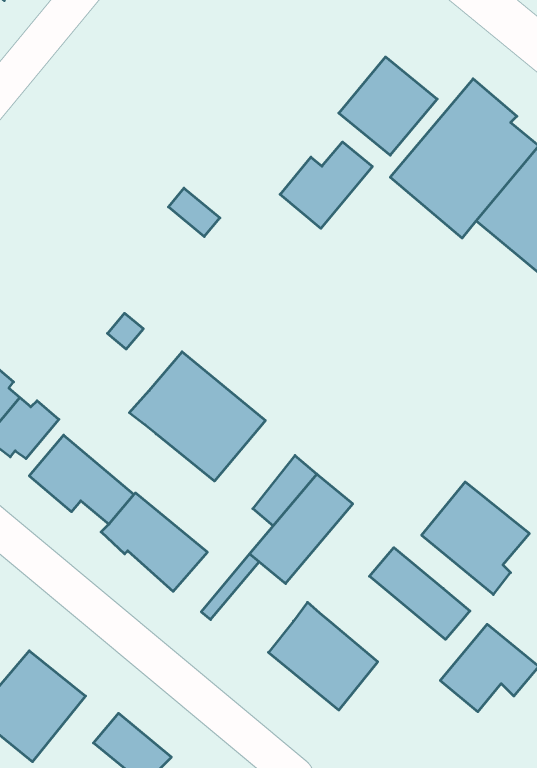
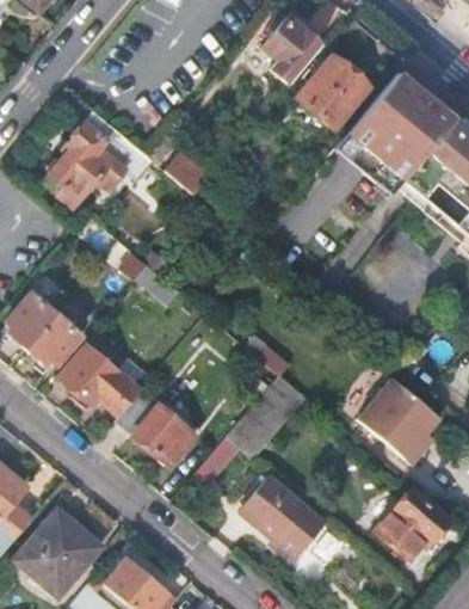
building: none -> [260,17,319,81]
building: none -> [47,110,141,210]
building: [280,142,372,228] -> none
building: [129,352,265,481] -> none
building: [369,548,470,639] -> none

